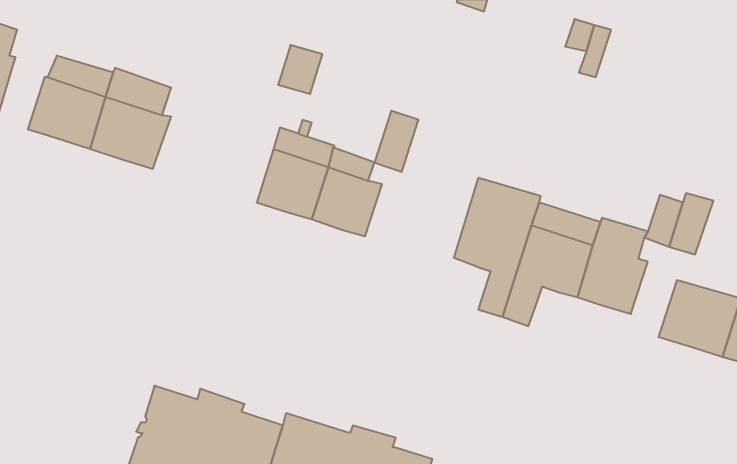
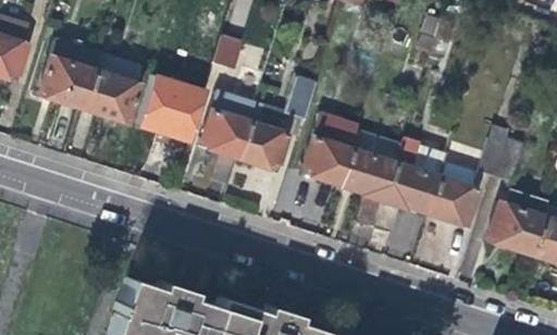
building: none -> [141,75,213,147]
building: none -> [302,113,360,186]

